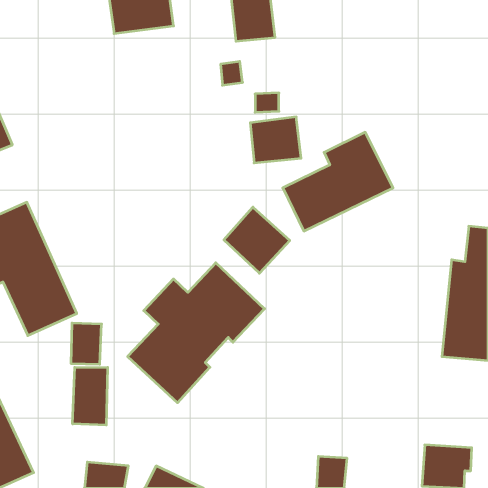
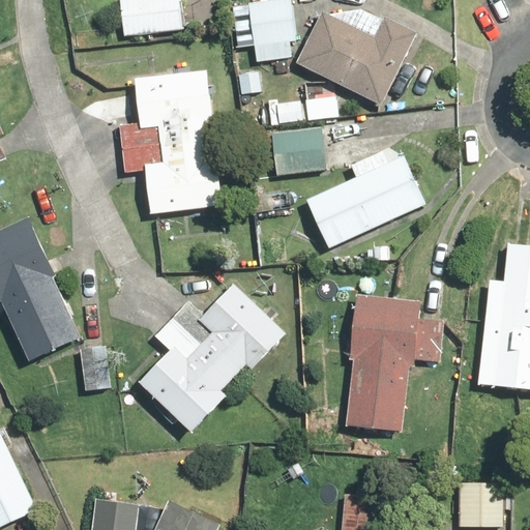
building: none -> [296,12,414,105]
building: none -> [117,71,224,214]
building: [224,207,290,273] -> none
building: none -> [345,296,442,432]
building: [73,367,108,425] -> none

